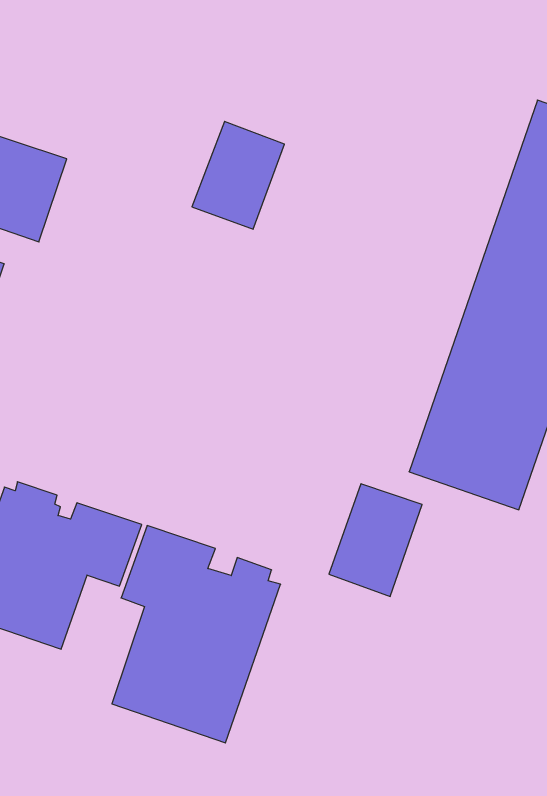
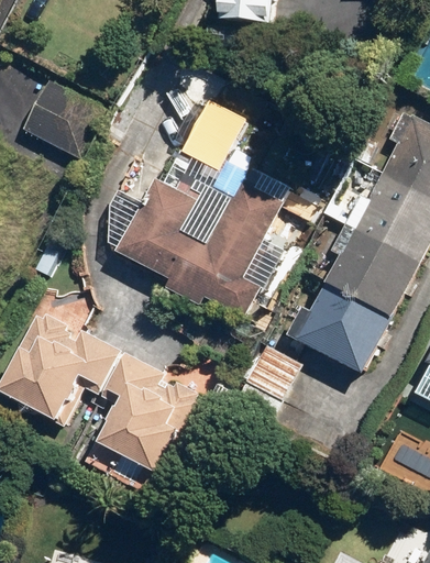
building: none -> [115,176,283,317]

